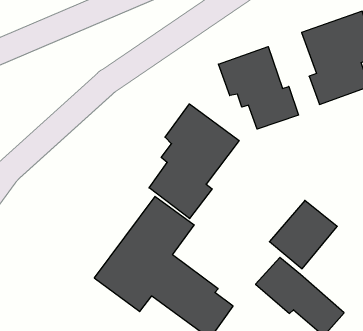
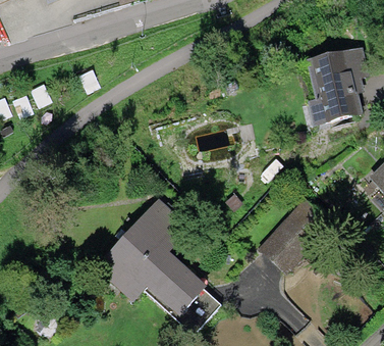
building: [218,47,298,129] -> none
building: [149,104,239,219] -> none

